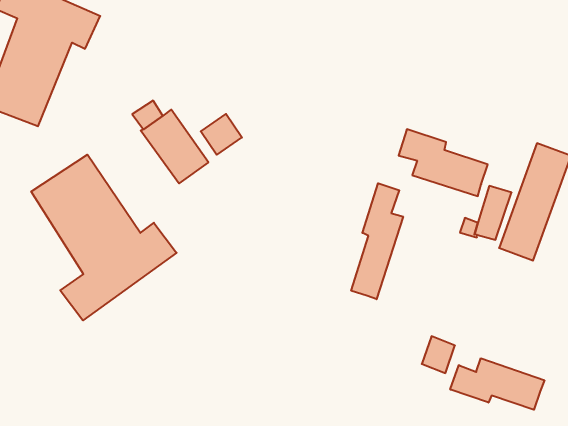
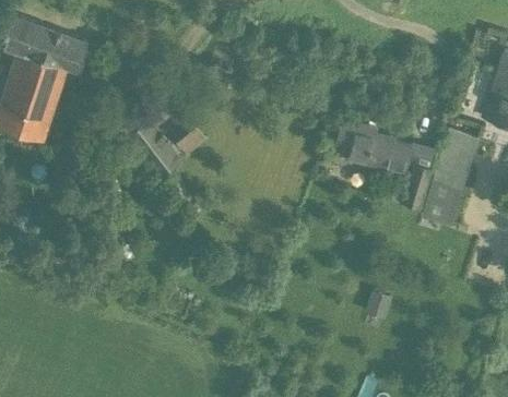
building: [31,155,177,320] -> none
building: [351,183,403,299] -> none
building: [450,358,544,410] -> none

